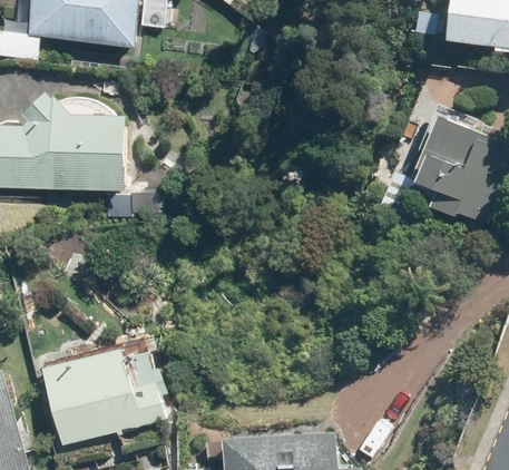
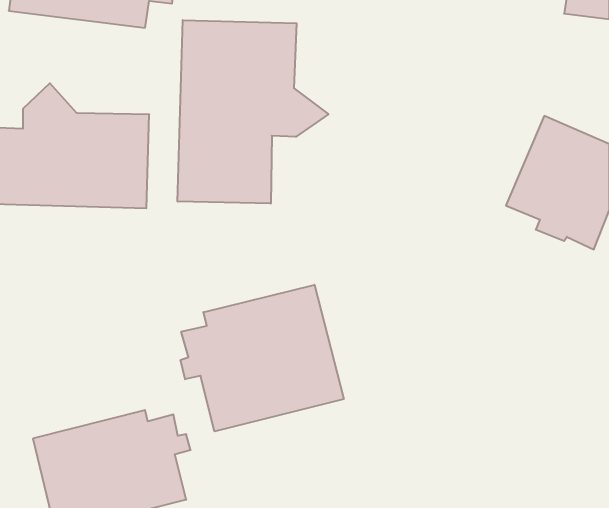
building: none -> [178,20,328,204]
building: none -> [181,285,344,431]

